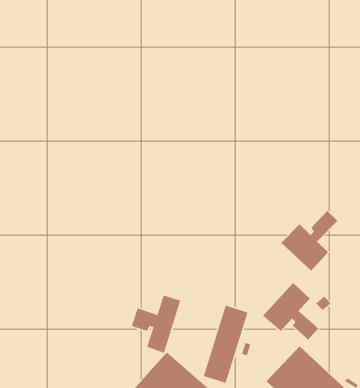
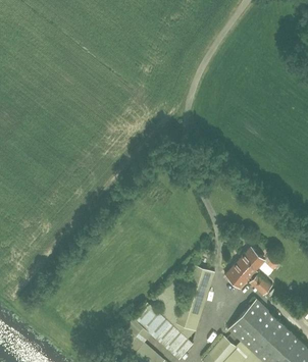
building: [280,210,338,271] -> none
building: [131,295,181,354] -> none

